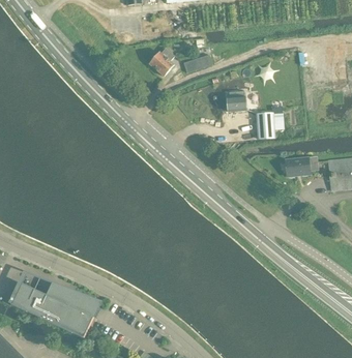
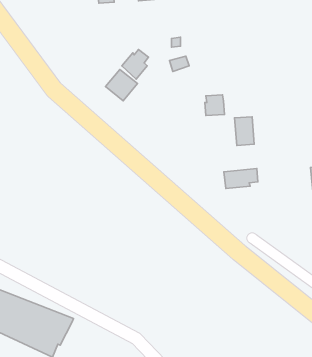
building: none -> [106,69,137,101]
building: [284,157,316,176] -> [224,169,258,188]

